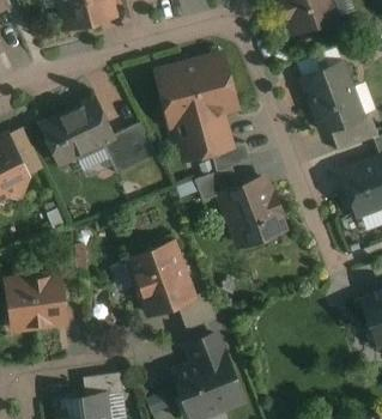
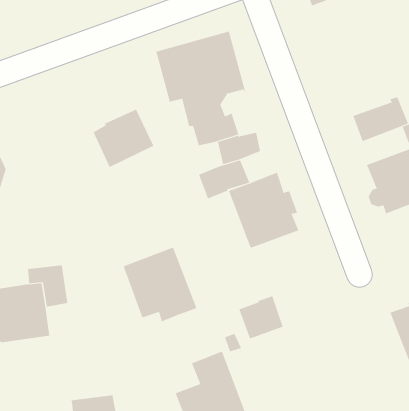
building: [303,62,364,130] -> none
building: [42,97,114,163] -> none
building: [177,291,217,329] -> [239,295,284,339]

